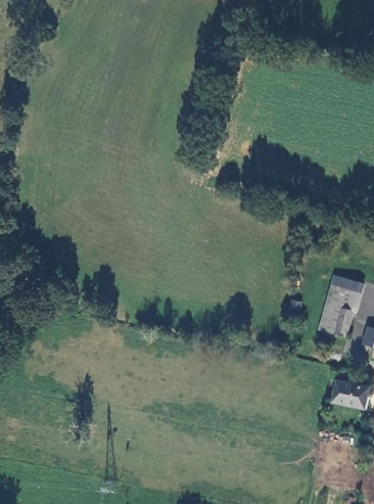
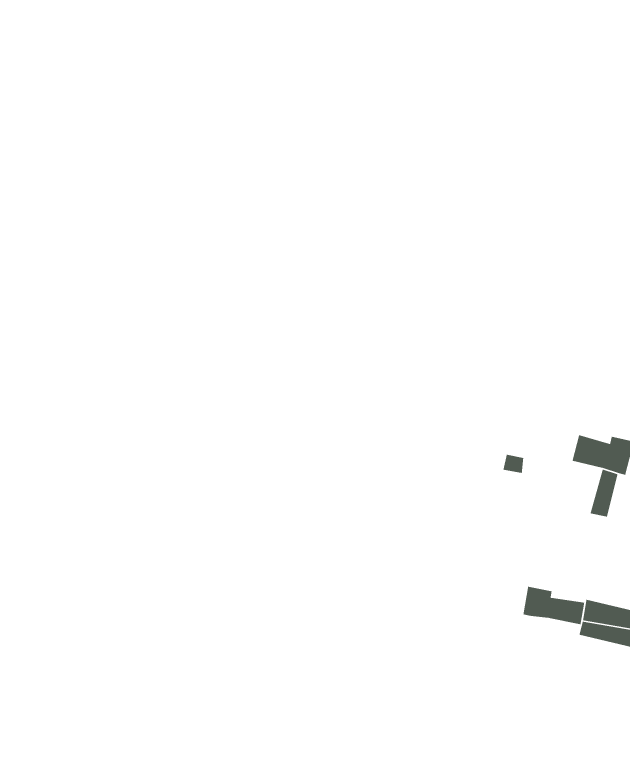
building: [319,303,343,332] -> none
building: none -> [522,586,585,625]

